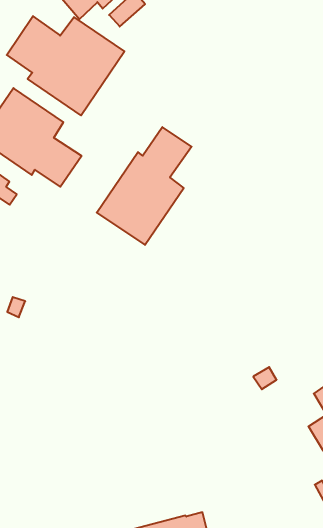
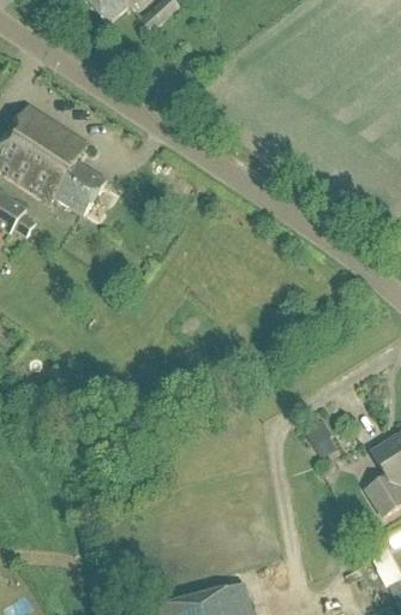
building: [7,16,124,115] -> none
building: [97,127,192,245] -> none

